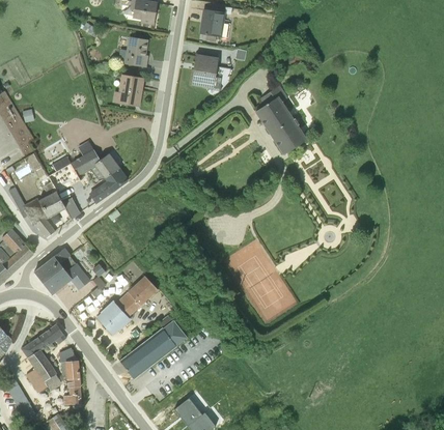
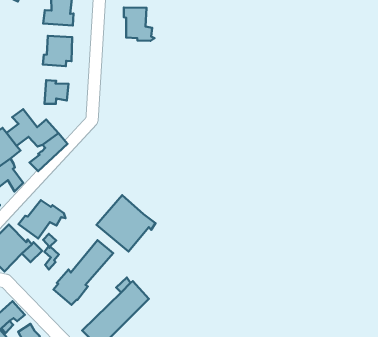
building: [254,85,307,154] -> none
building: none -> [45,80,68,104]
building: none -> [19,200,65,239]
building: none -> [96,195,156,251]

